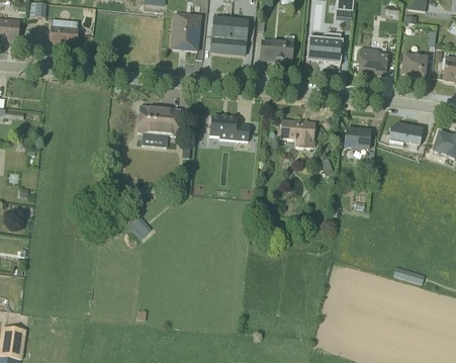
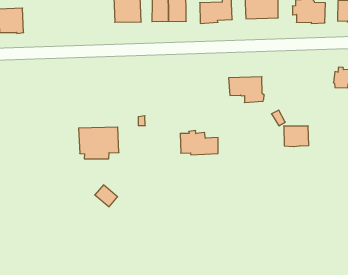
building: [138,106,180,142] -> [79,127,119,159]
building: [209,114,250,141] -> [180,131,218,155]
building: [344,126,371,150] -> [284,126,309,147]

